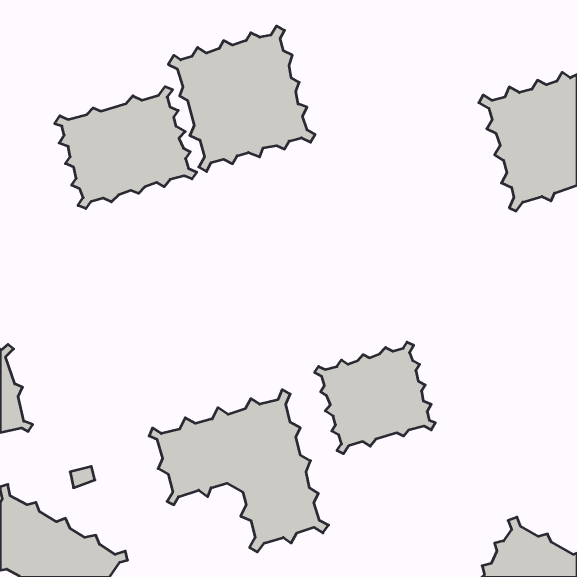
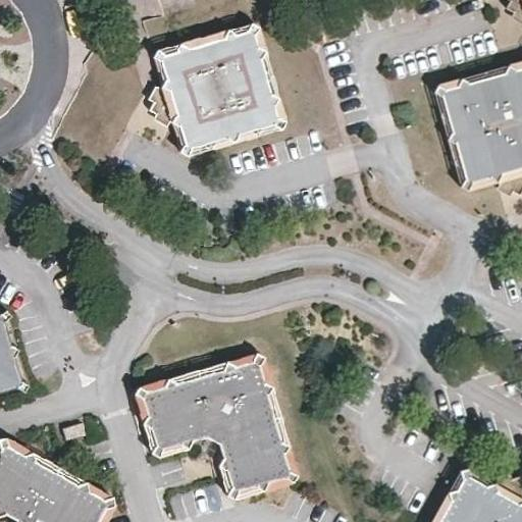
building: [55,87,197,209] -> none
building: [315,342,435,454] -> none

